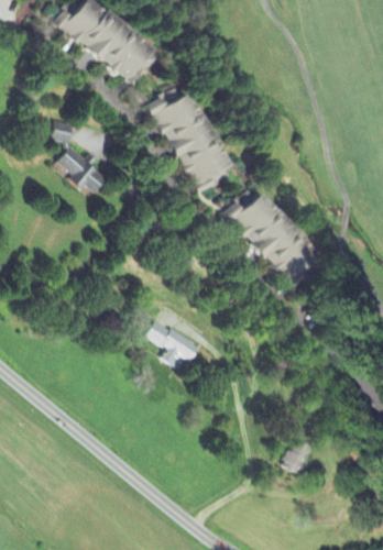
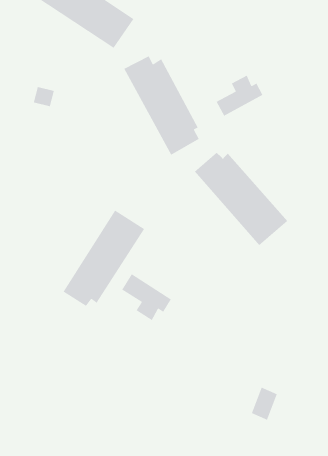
building: none -> [215,75,264,117]
building: [54,145,106,191] -> none
building: none -> [62,210,145,307]

